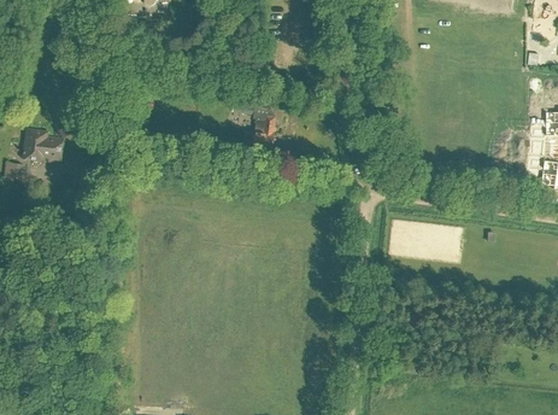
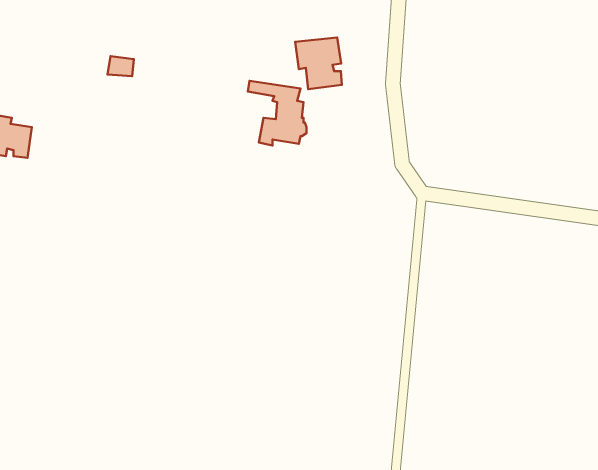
building: none -> [295,38,342,89]

